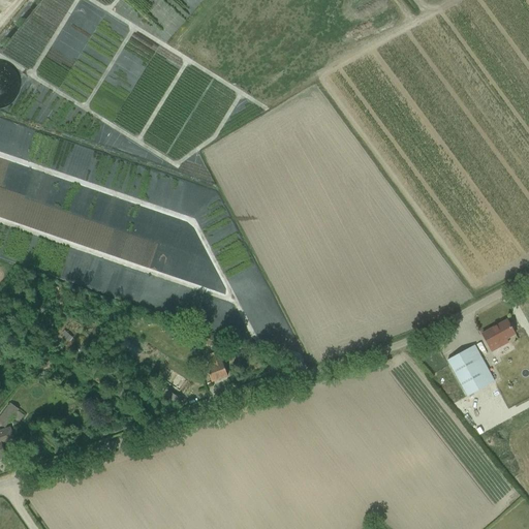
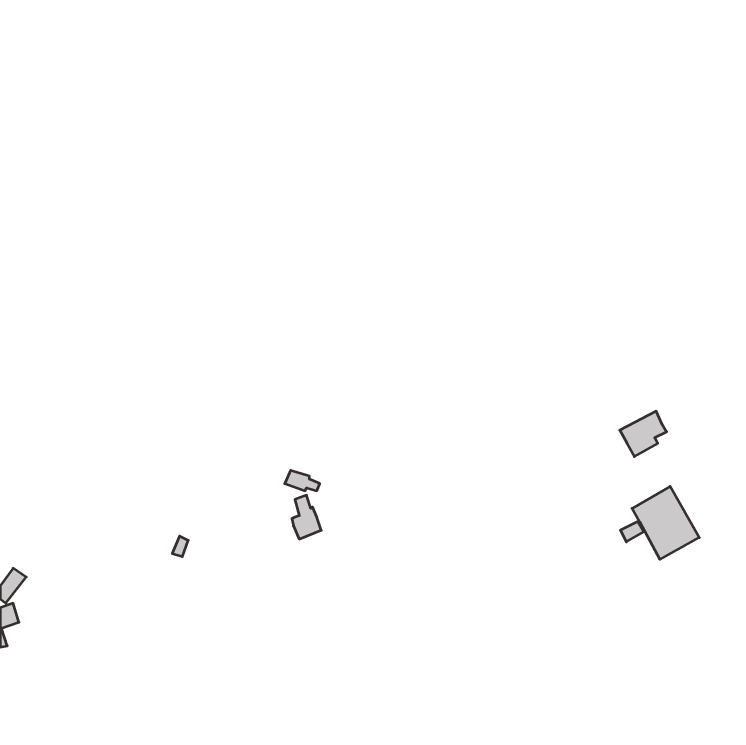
building: [481,319,515,351] -> [620,411,667,457]

